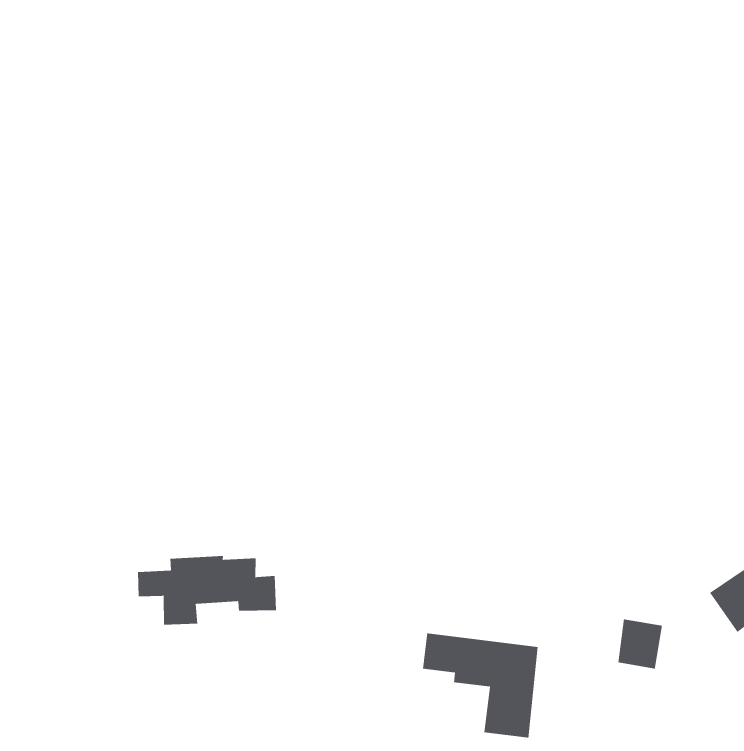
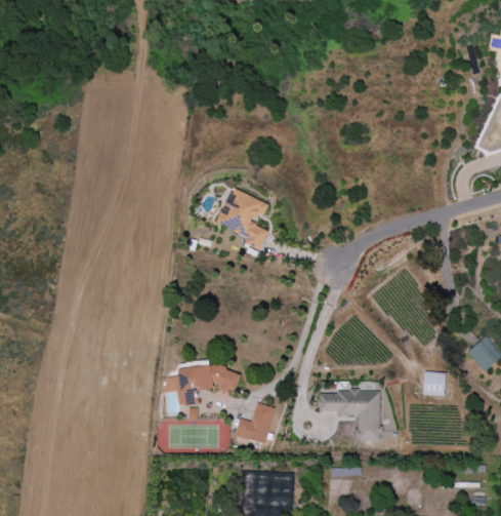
building: none -> [215,187,269,250]
building: none -> [235,402,275,444]

